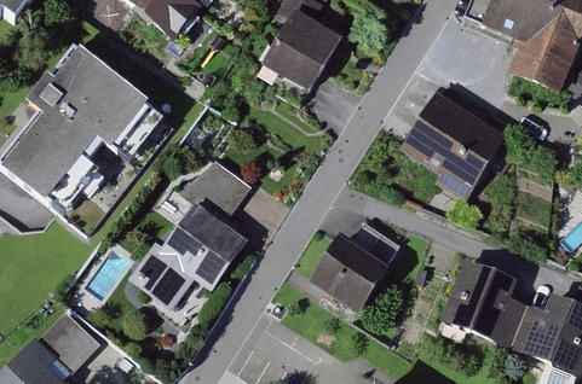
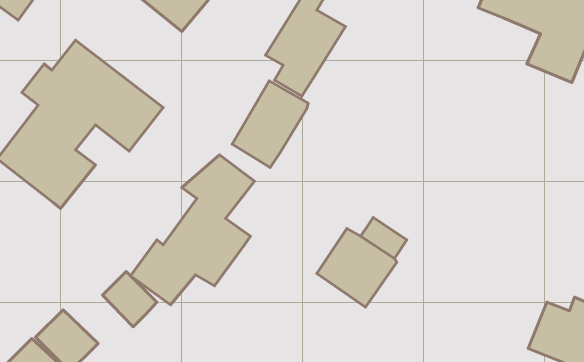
building: [398,75,503,190] -> none
building: none -> [232,81,308,168]
building: [444,261,532,347] -> none
building: none -> [103,272,157,327]

